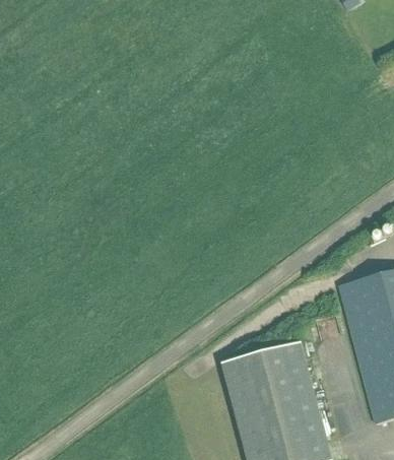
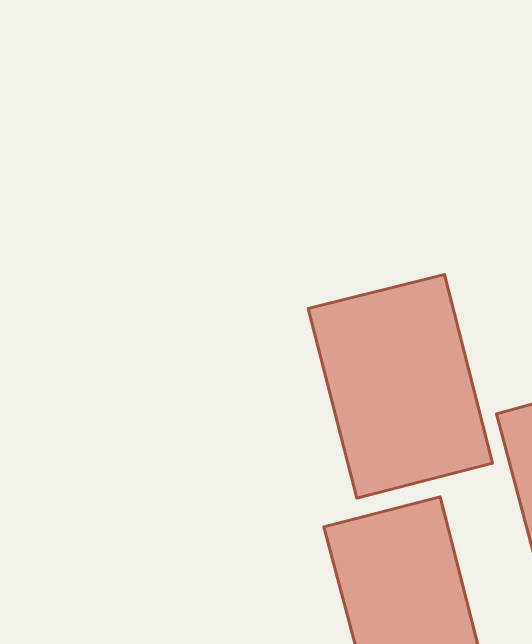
building: none -> [308,275,492,498]

